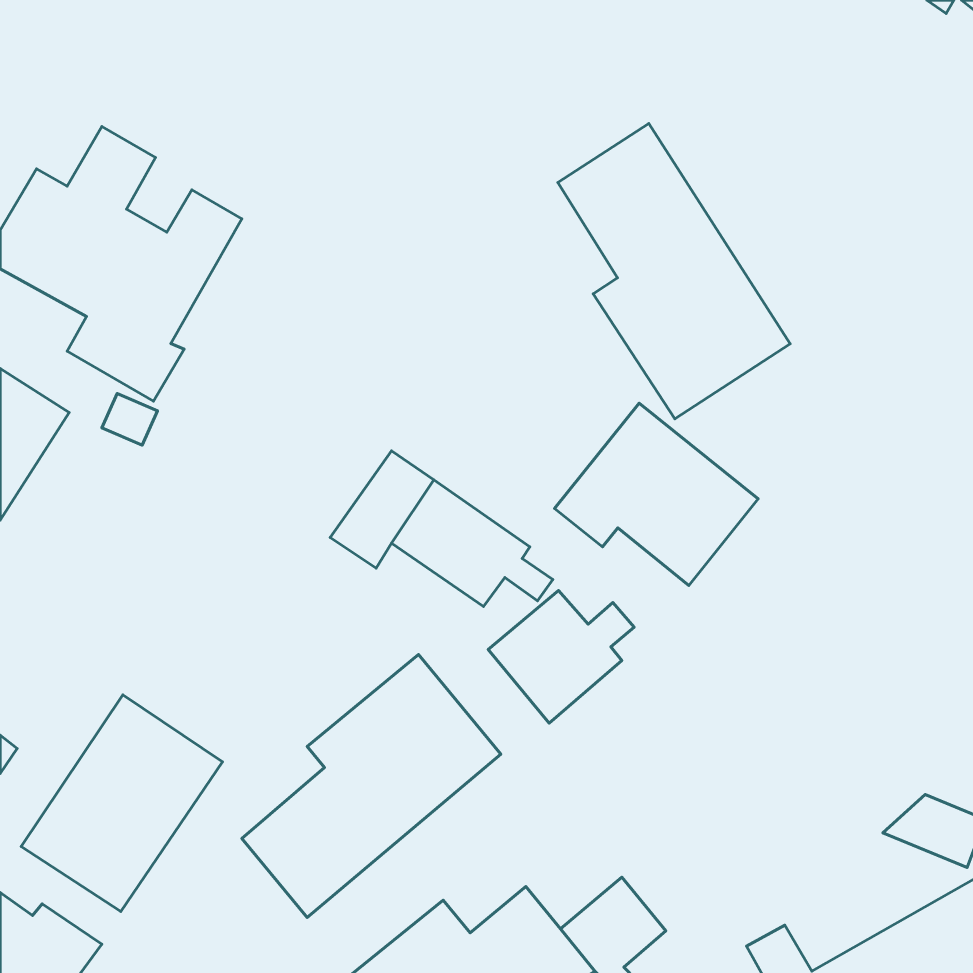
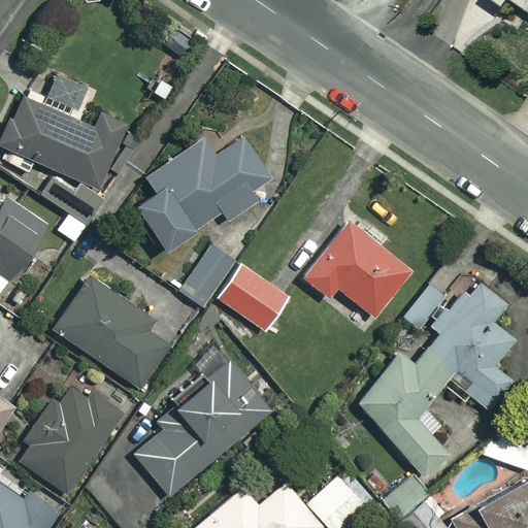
building: [558,123,790,419] -> none
building: none -> [133,138,270,250]
building: none -> [350,275,519,478]
building: none -> [55,277,169,389]
building: [488,591,634,723] -> none

